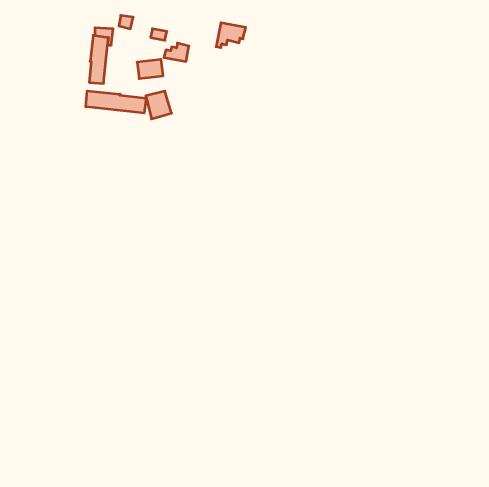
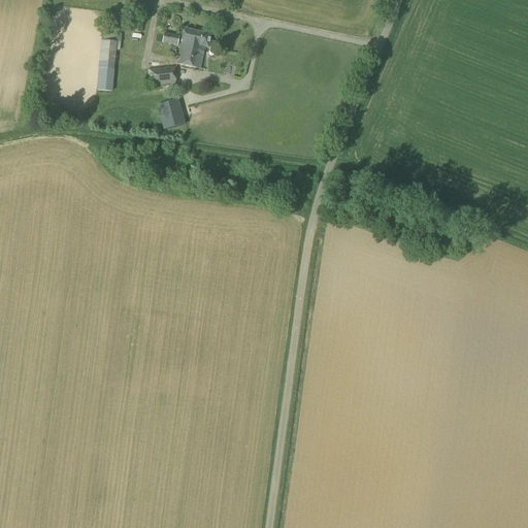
building: [216,23,246,48] -> [179,28,211,55]
building: [86,91,146,113] -> none

